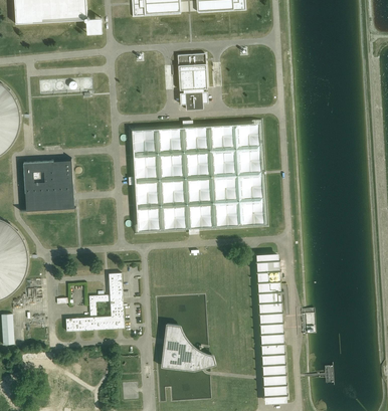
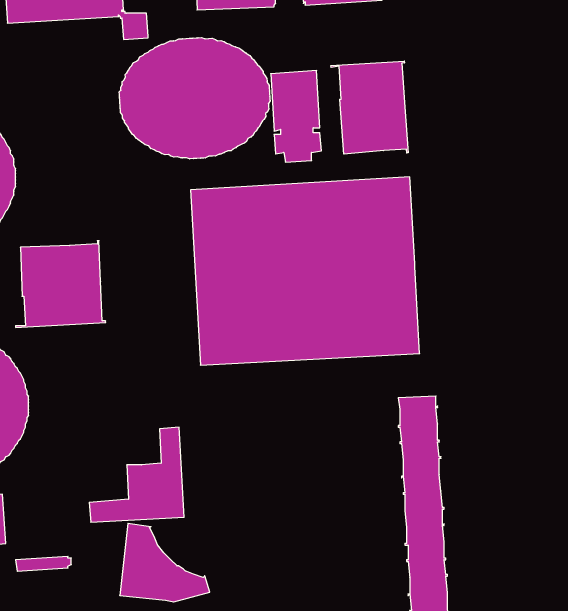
building: none -> [119,38,270,159]
building: none -> [331,61,408,154]
building: [161,323,216,371] -> [120,523,210,602]

